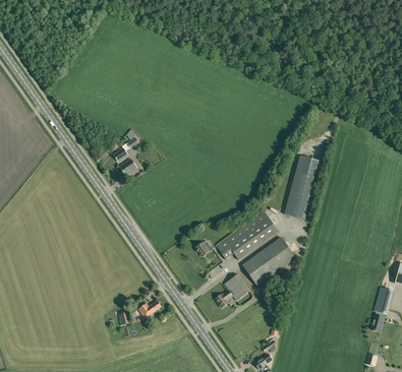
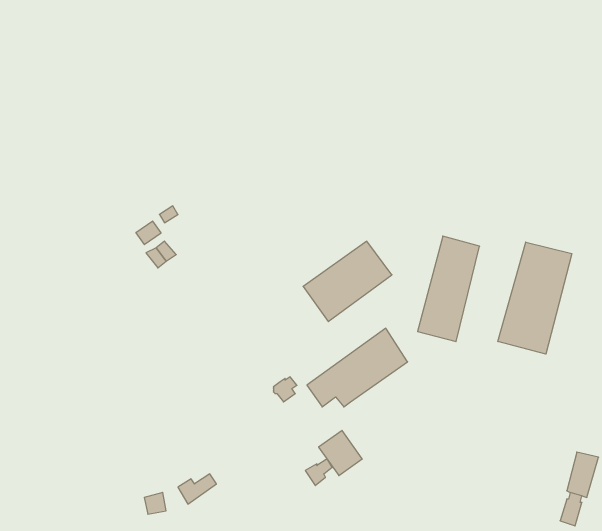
building: none -> [498,242,572,354]
building: [241,237,295,286] -> [303,241,392,322]

